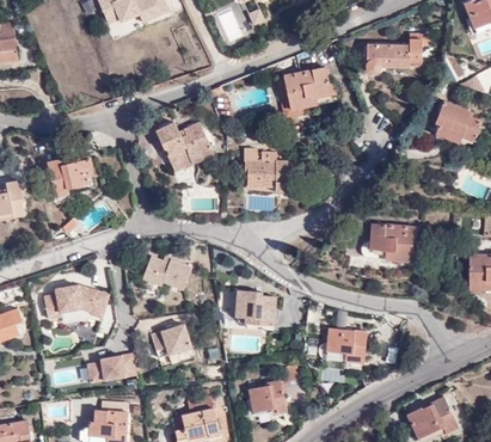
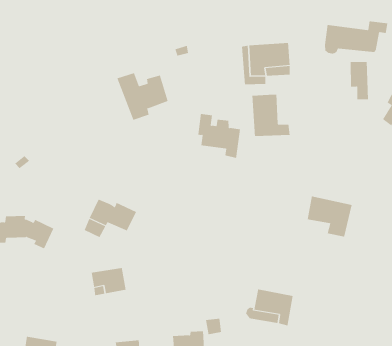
building: none -> [350,61,369,100]
building: none -> [252,94,290,137]
building: [48,158,94,194] -> none
building: [235,290,277,325] -> none
building: [88,350,137,377] -> none

